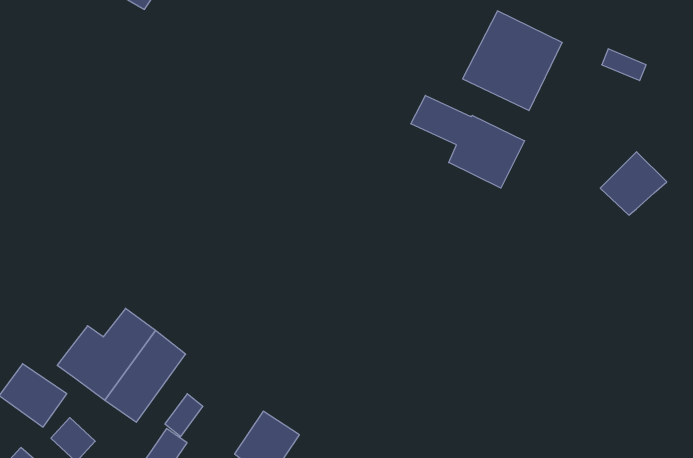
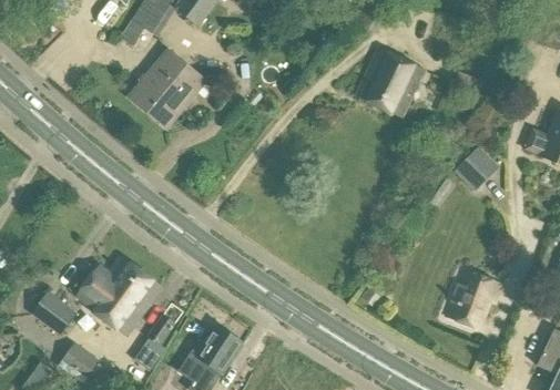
building: none -> [129,50,203,127]
building: [411,95,525,188] -> none
building: none -> [446,270,501,330]

